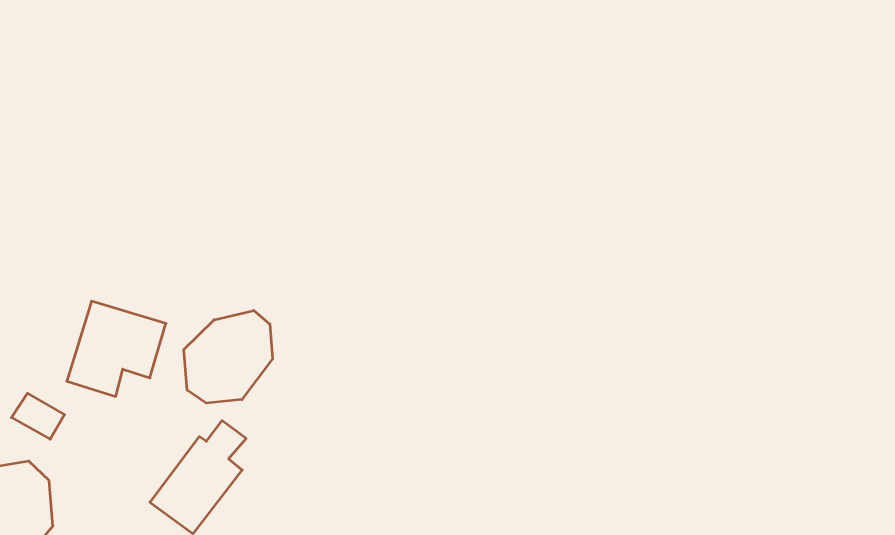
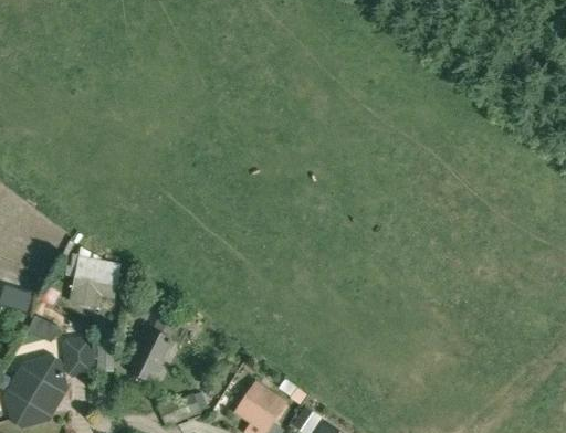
building: [184,310,273,403] -> none
building: none -> [66,338,94,374]

